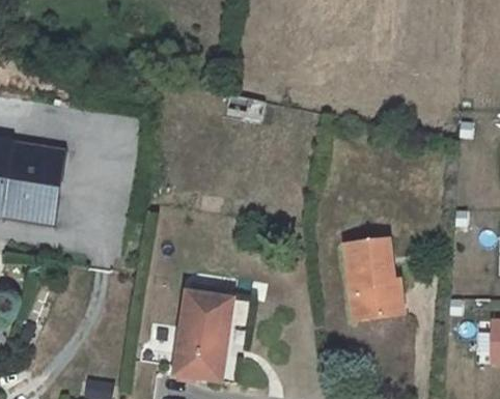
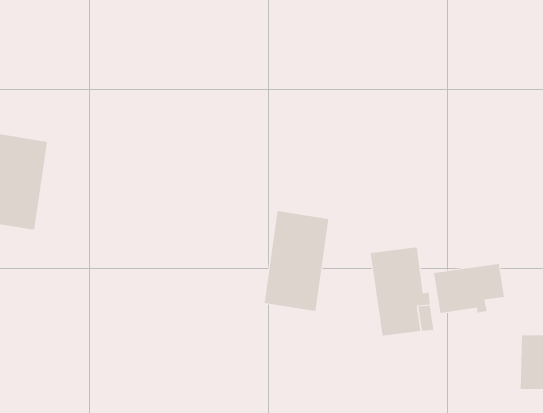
building: none -> [434,263,505,314]
building: [175,291,232,379] -> [264,210,329,312]

